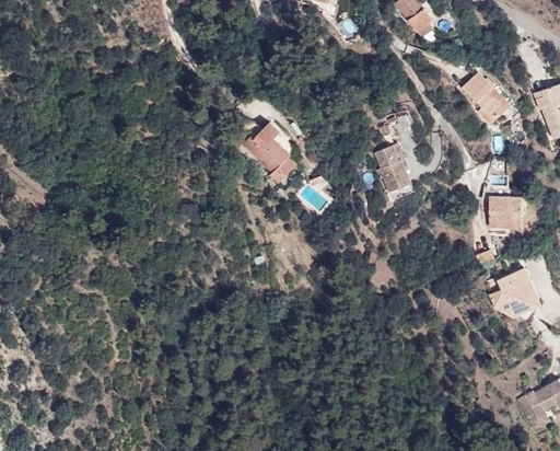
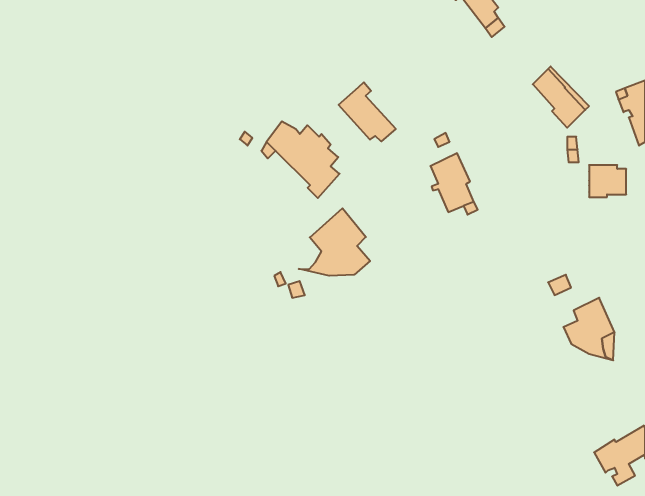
building: none -> [339,82,396,141]
building: none -> [299,208,370,276]
building: [490,196,522,223] -> [589,165,626,197]

